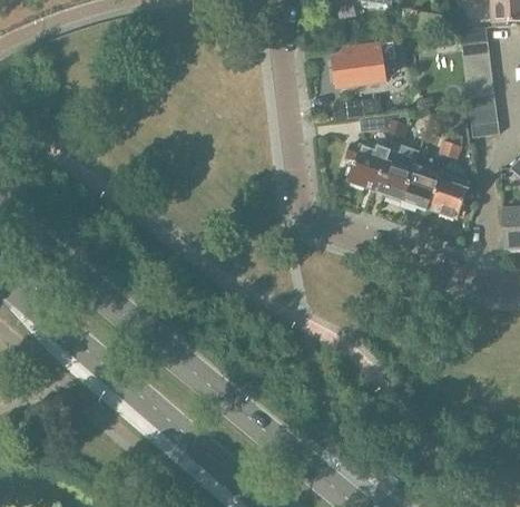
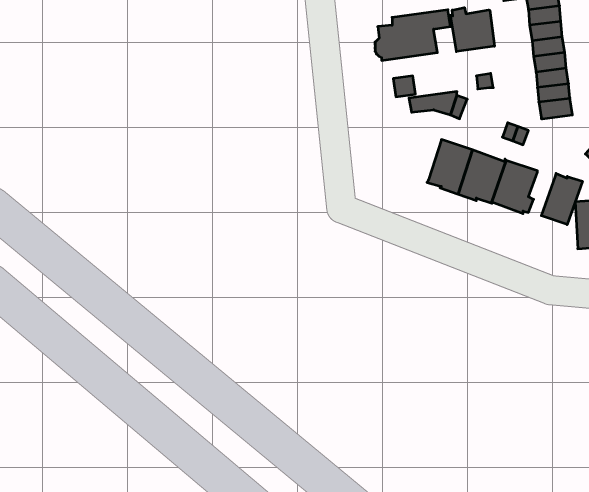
building: none -> [450,8,494,52]
building: [346,143,390,188] -> none
building: none -> [541,173,582,225]

